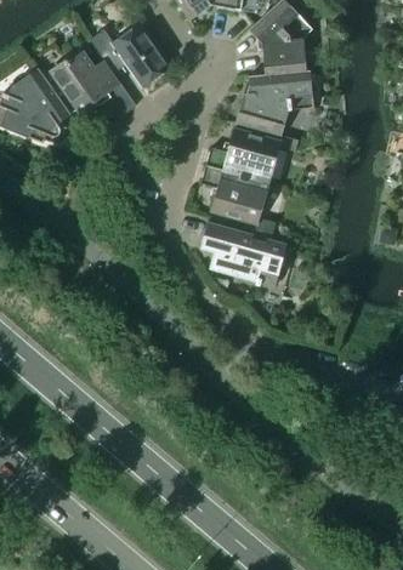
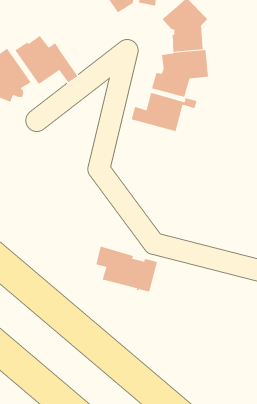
building: [89,23,170,86] -> none
building: [200,165,274,233] -> none
building: [200,222,285,285] -> [96,246,158,292]

